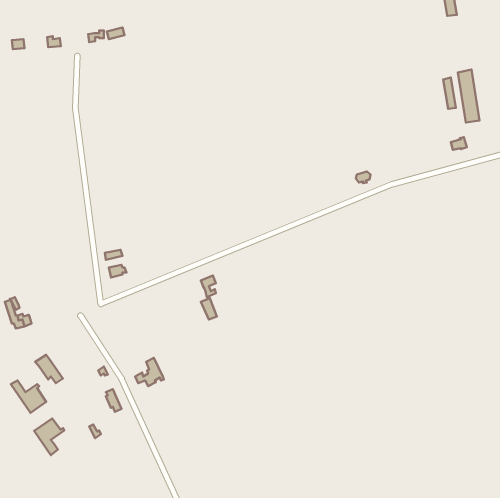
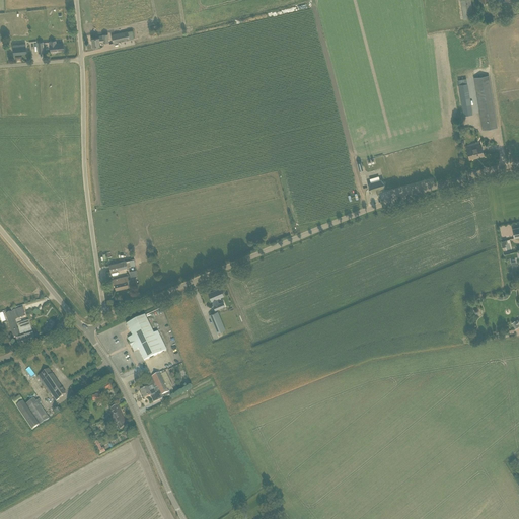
building: none -> [126,313,161,358]
building: [34,419,64,455] -> none

